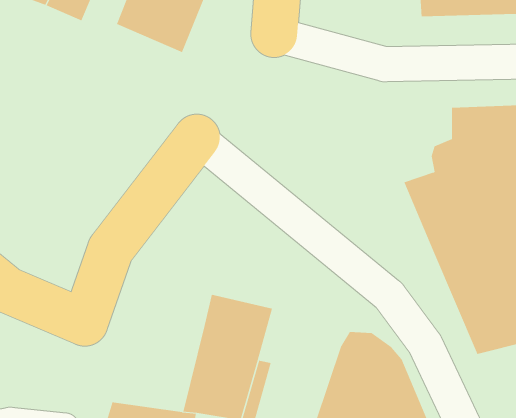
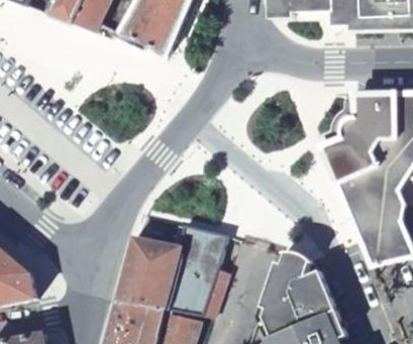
building: none -> [115,225,185,308]

